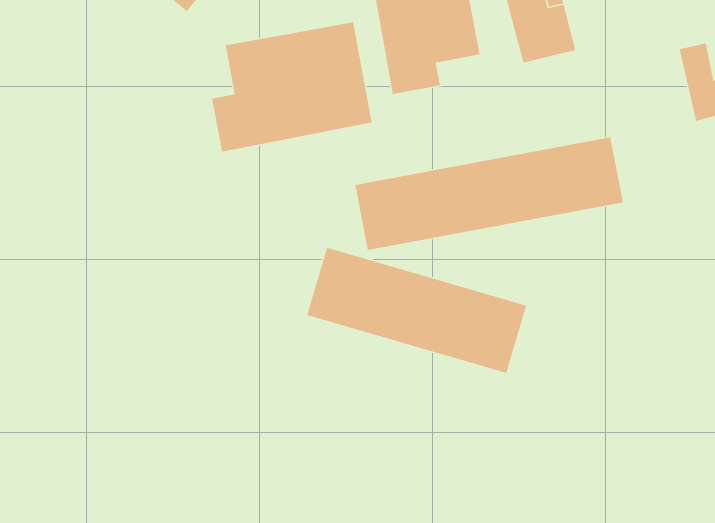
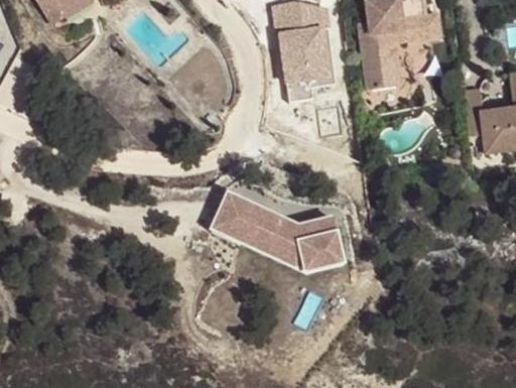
building: [211,21,373,152] -> none
building: [354,136,624,251] -> none

